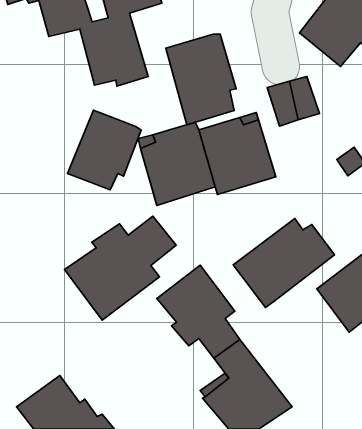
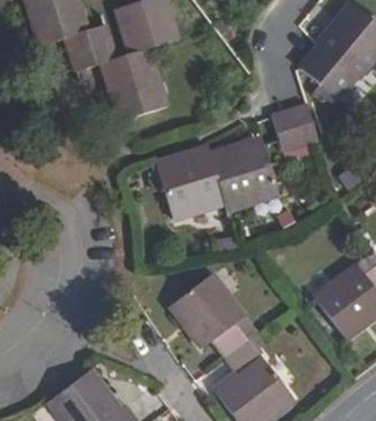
building: [166,34,236,125] -> none
building: [68,110,141,190] -> none
building: [64,216,176,320] -> none
building: [233,218,335,308] -> none

